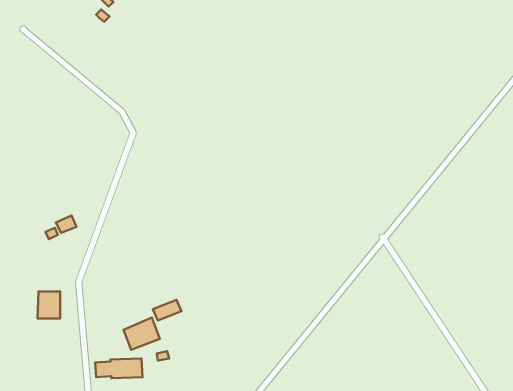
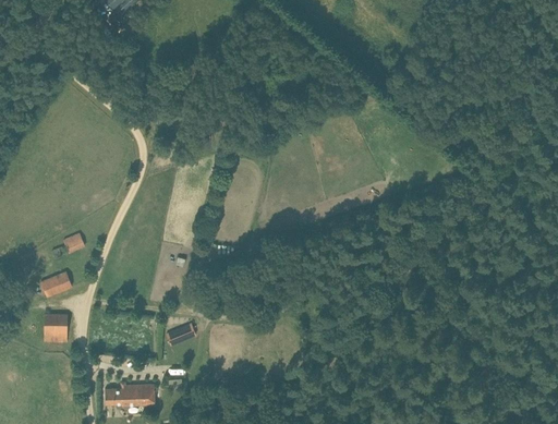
building: none -> [40,271,72,295]
building: [123,317,160,350] -> none

